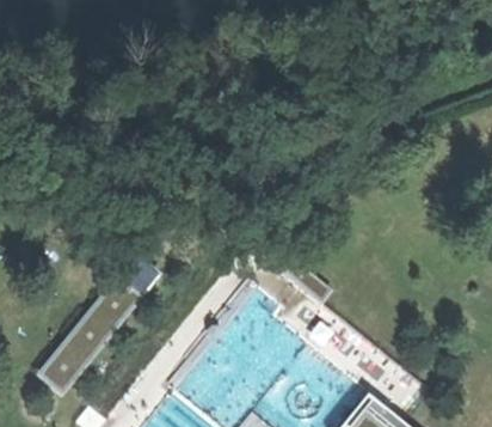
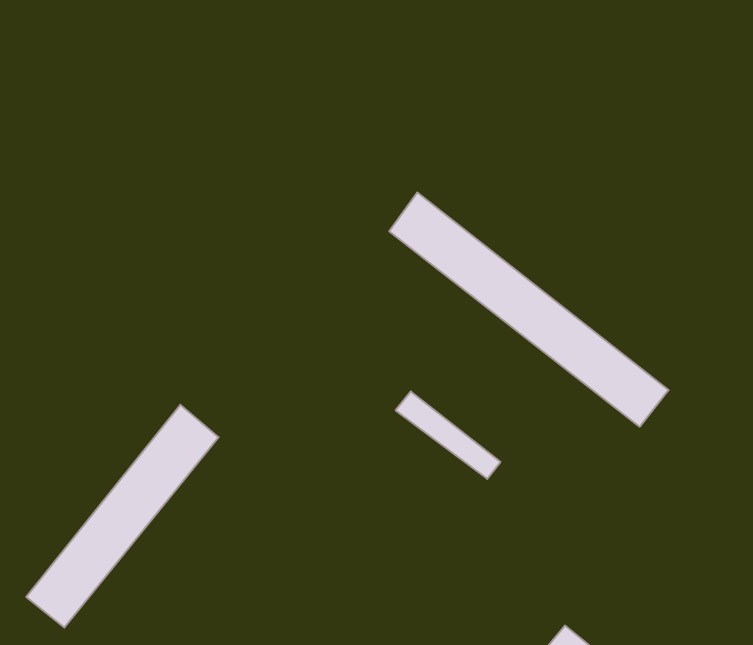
building: none -> [389,192,669,427]

